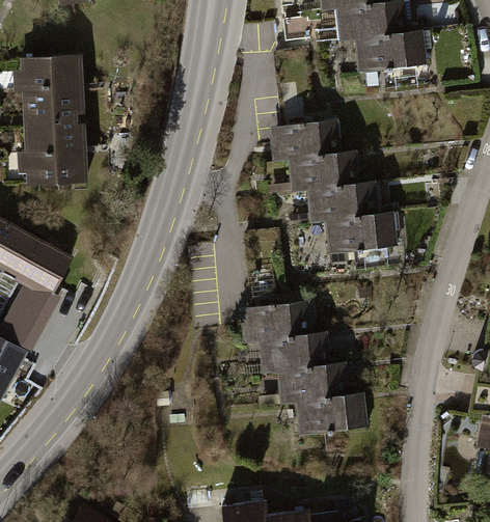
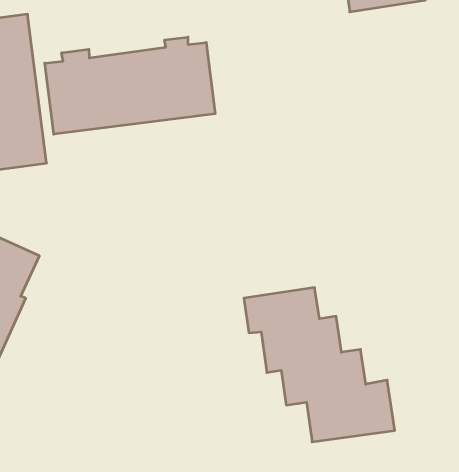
building: none -> [45,37,215,134]
building: [271,127,401,254] -> none

